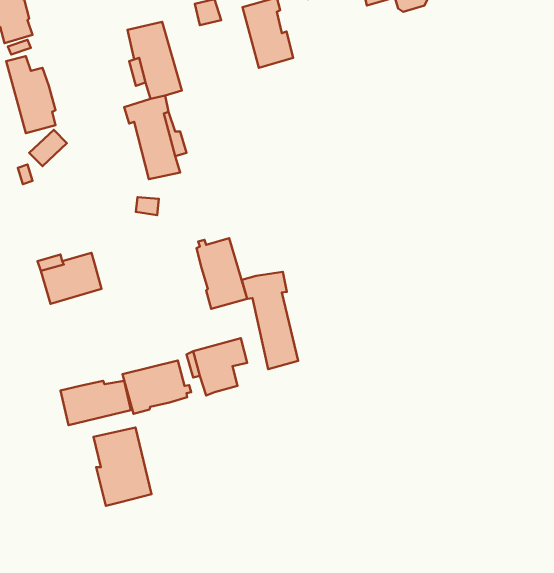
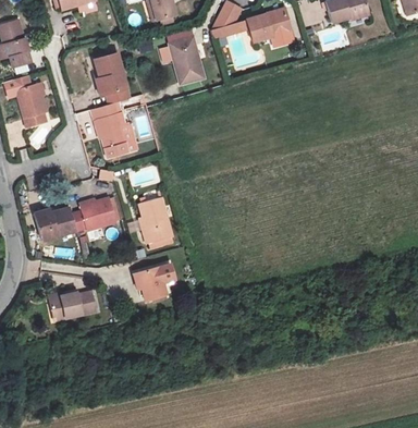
building: none -> [72,197,115,230]
building: [242,272,298,369] -> none
building: [122,361,191,414] -> none
building: [94,427,151,506] -> none

